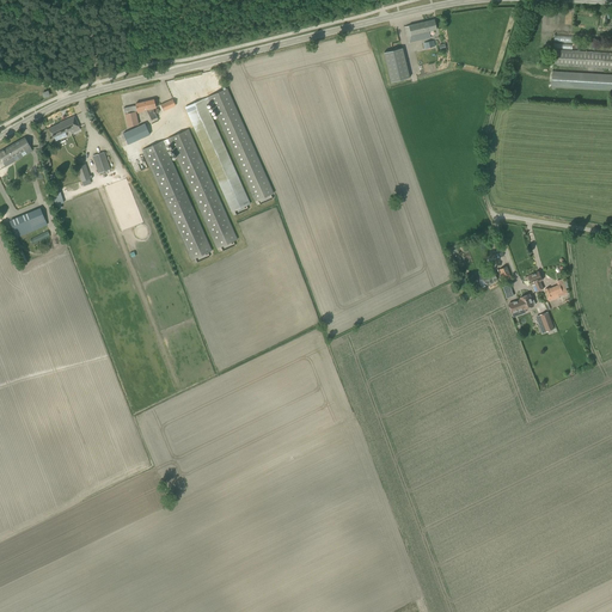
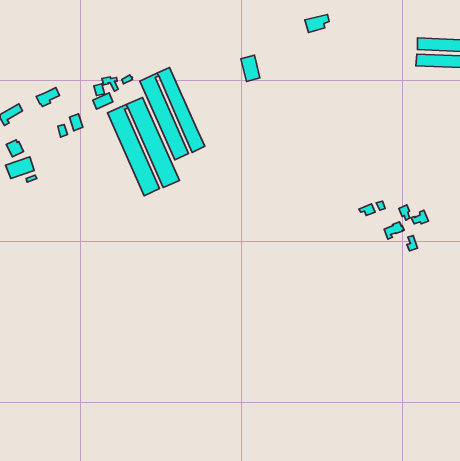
building: [385,48,410,82] -> [241,55,260,81]

